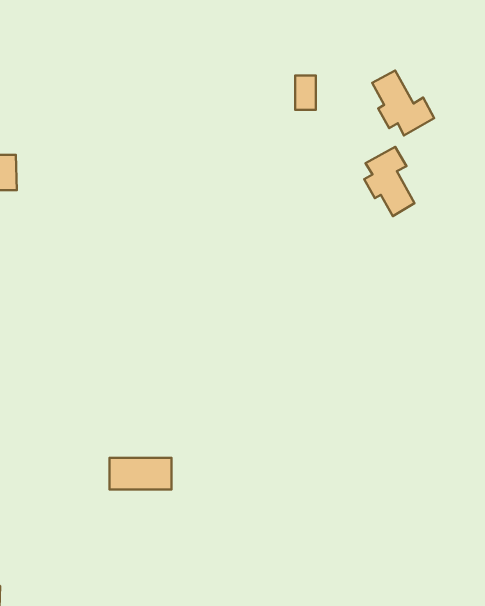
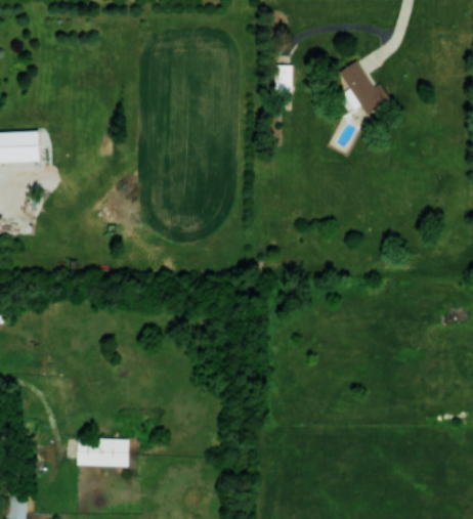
building: [364,147,415,216] -> none
building: [109,458,172,490] -> [78,439,130,466]

